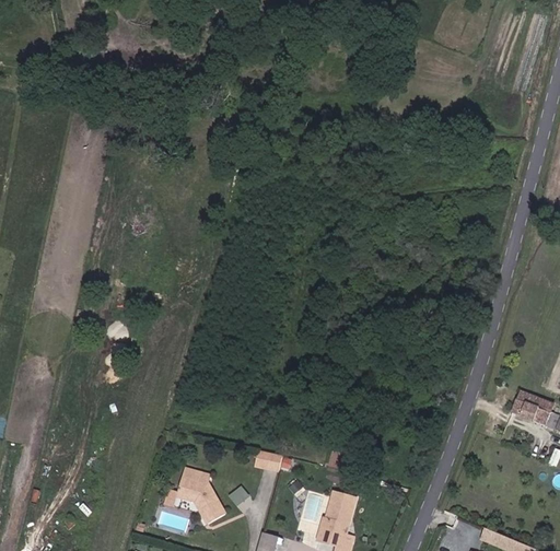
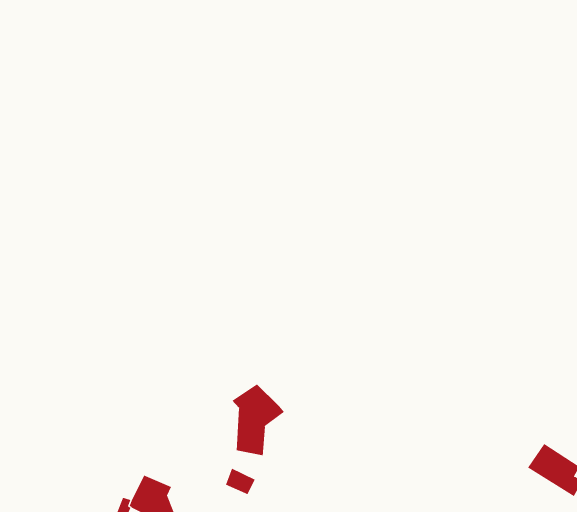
building: none -> [231,383,285,456]

